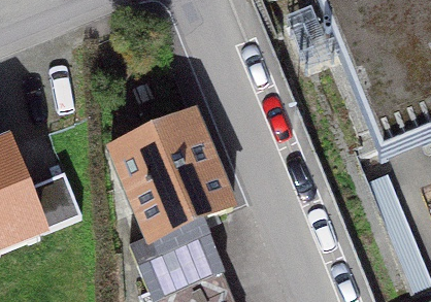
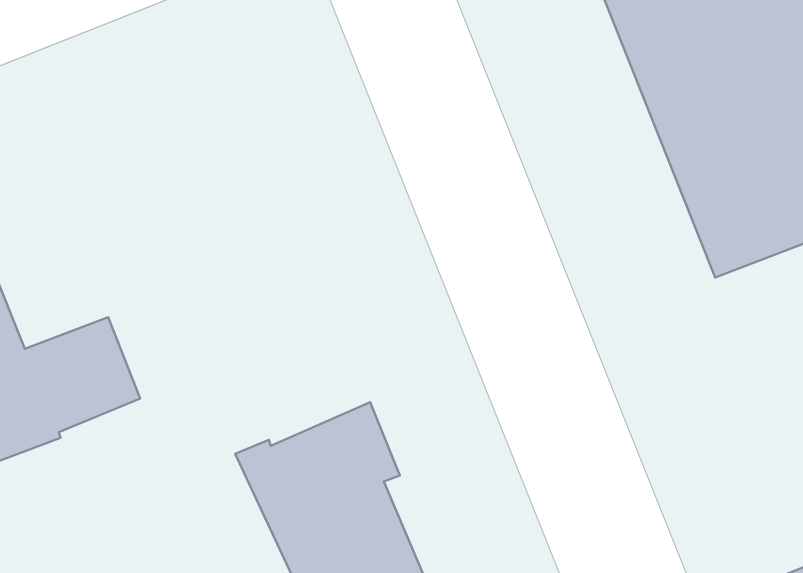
building: [112,111,228,234] -> none

